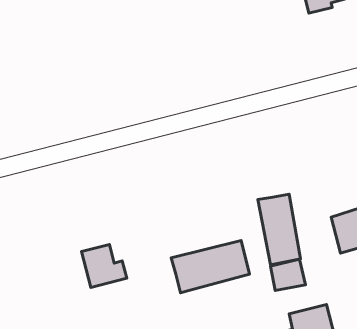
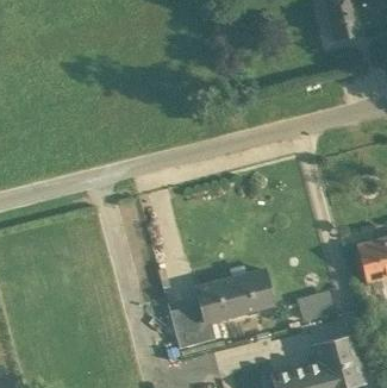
building: [258,194,301,265] -> none
building: [81,245,127,288] -> [169,303,216,348]

